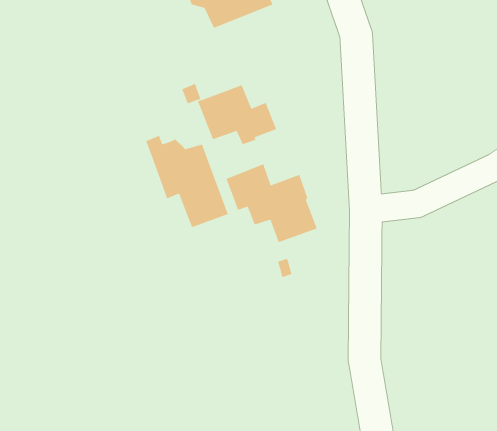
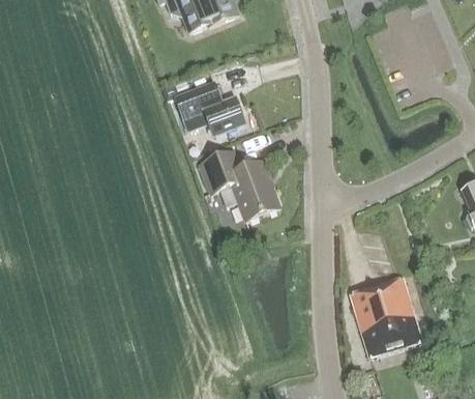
building: [145,135,229,228] -> none
building: none -> [350,277,421,357]

